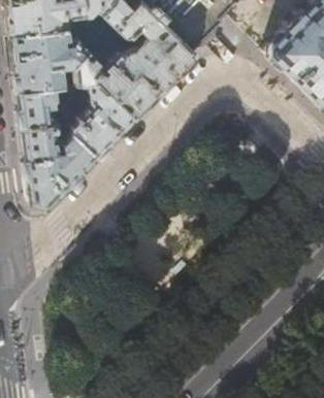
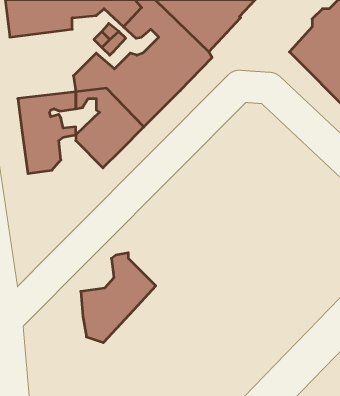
building: [10,32,89,95] -> none
building: [27,128,95,209] -> [81,253,156,343]

